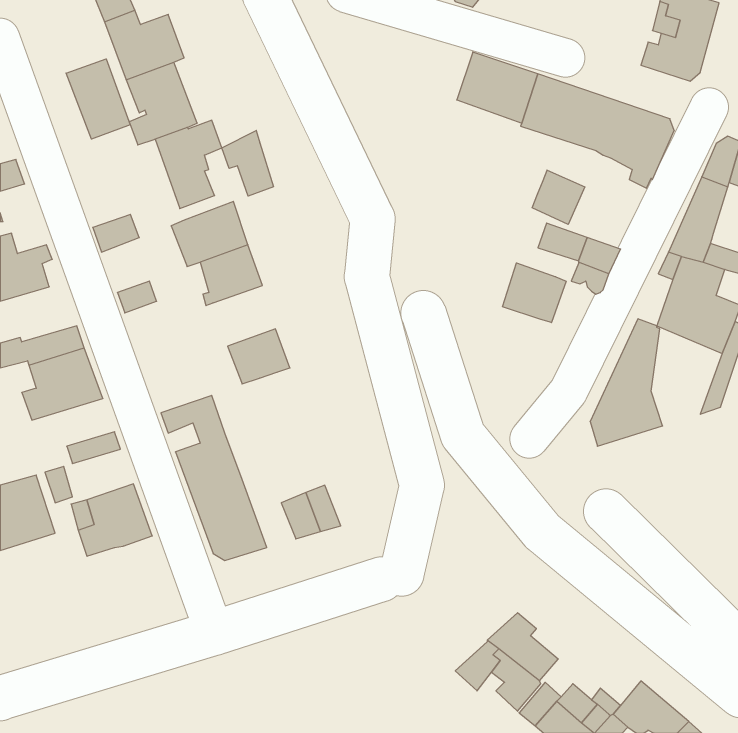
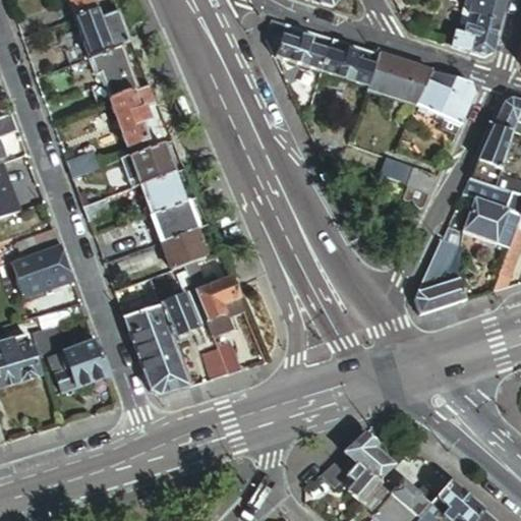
building: none -> [267,17,334,70]
building: [66,59,130,139] -> none
building: [222,130,274,196] -> none
building: [532,170,585,224] -> none
building: [503,263,566,323] -> none
building: none -> [152,200,197,243]
building: none -> [184,262,242,334]
building: none -> [160,294,199,337]

